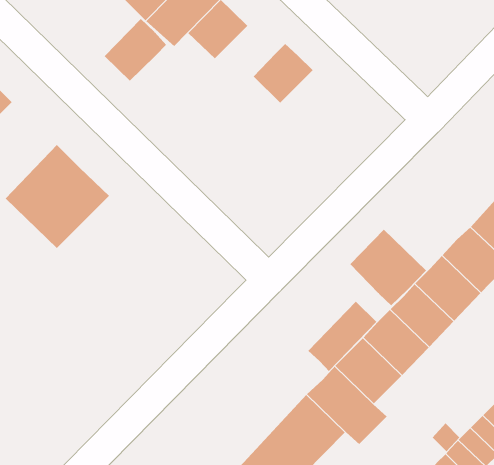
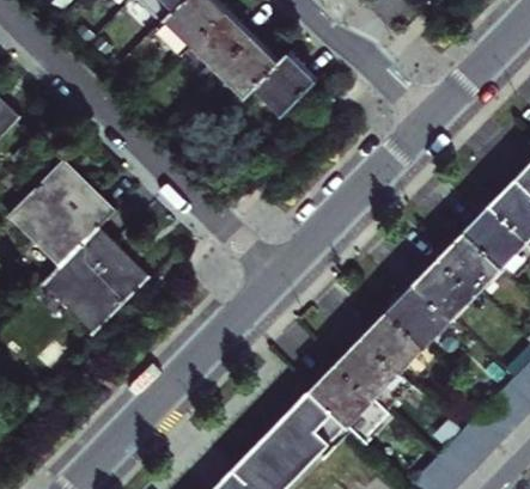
building: [104,18,167,81] -> none
building: none -> [215,38,274,97]
building: none -> [47,216,152,320]
building: [349,229,427,306] -> none
building: [308,301,377,372] -> none

